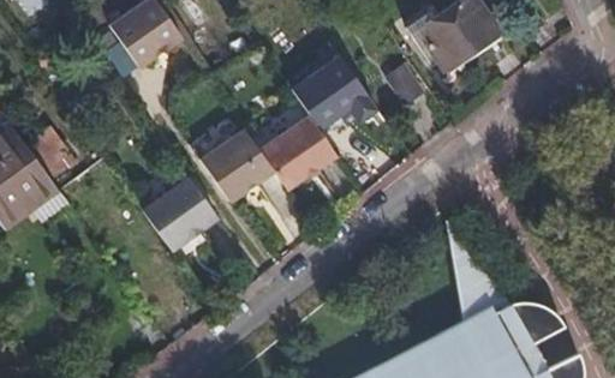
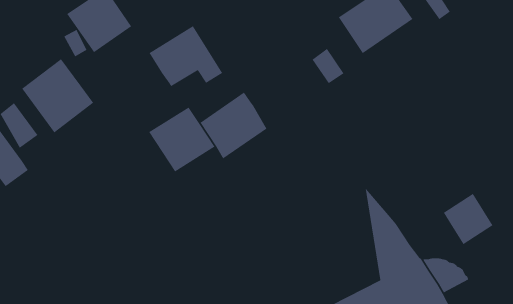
building: [294,59,378,128] -> [148,25,223,87]
building: none -> [21,58,94,133]
building: [139,175,217,252] -> none
building: none -> [443,193,494,245]

